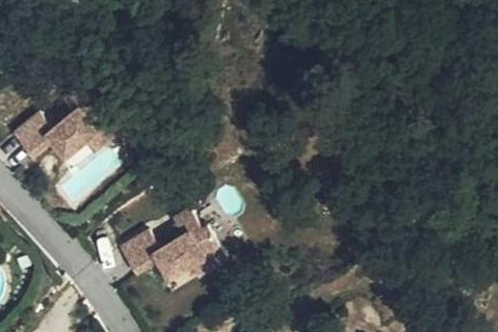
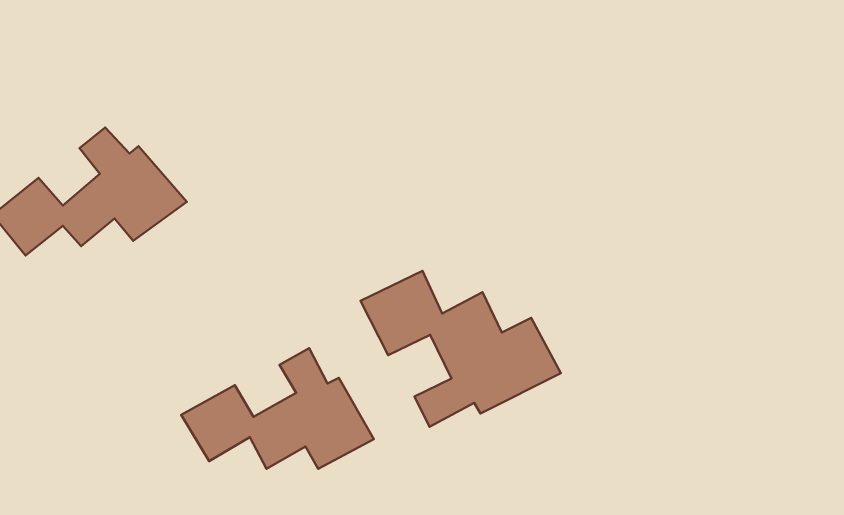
building: none -> [360,271,561,427]

